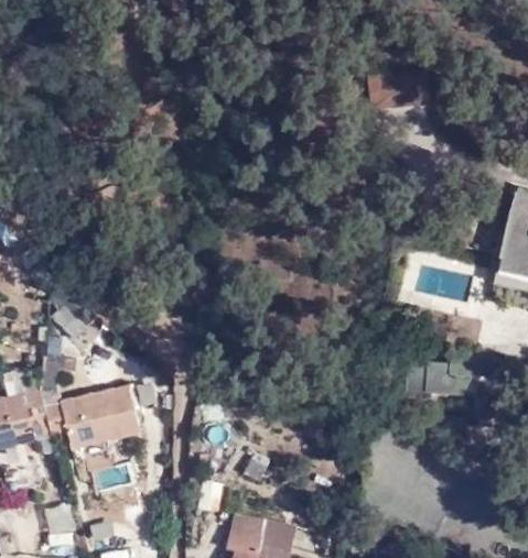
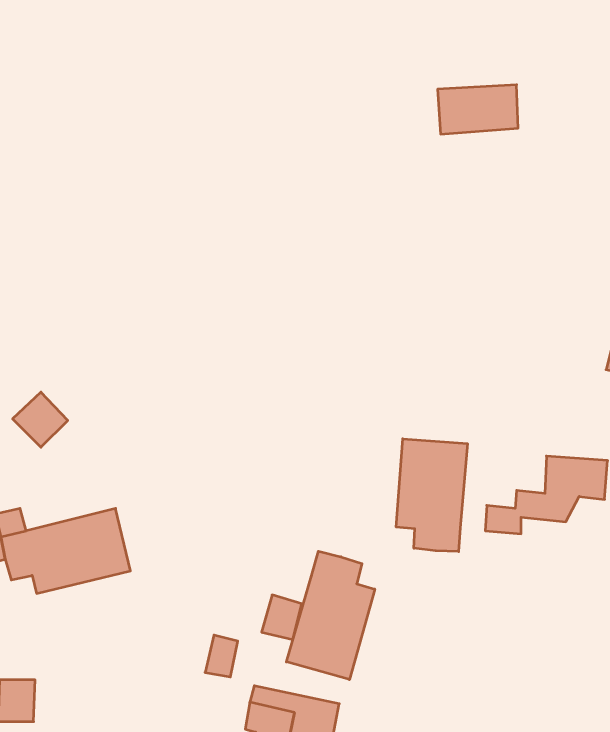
building: none -> [396,439,467,552]
building: none -> [286,551,375,680]

